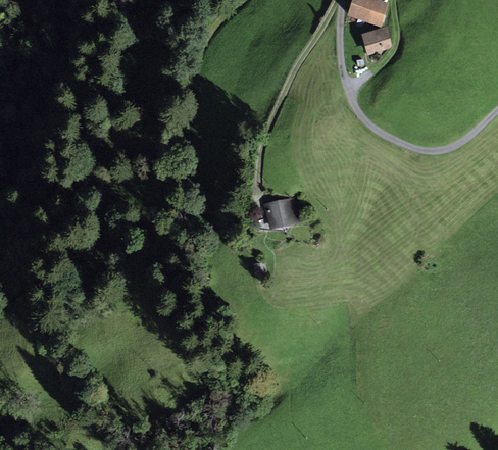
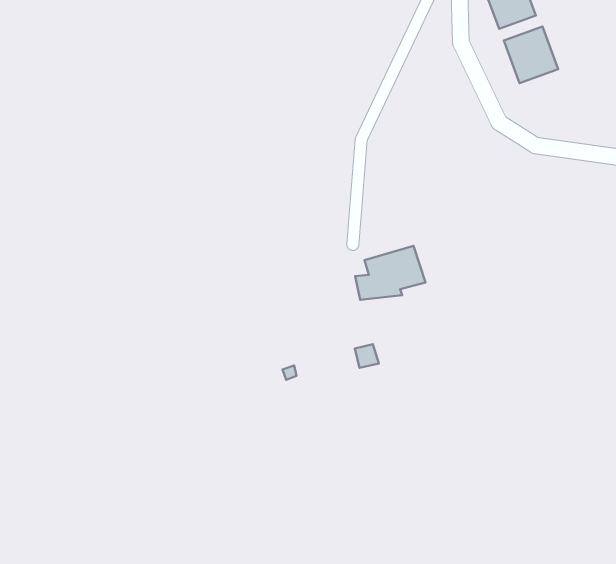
building: none -> [504,27,558,83]

